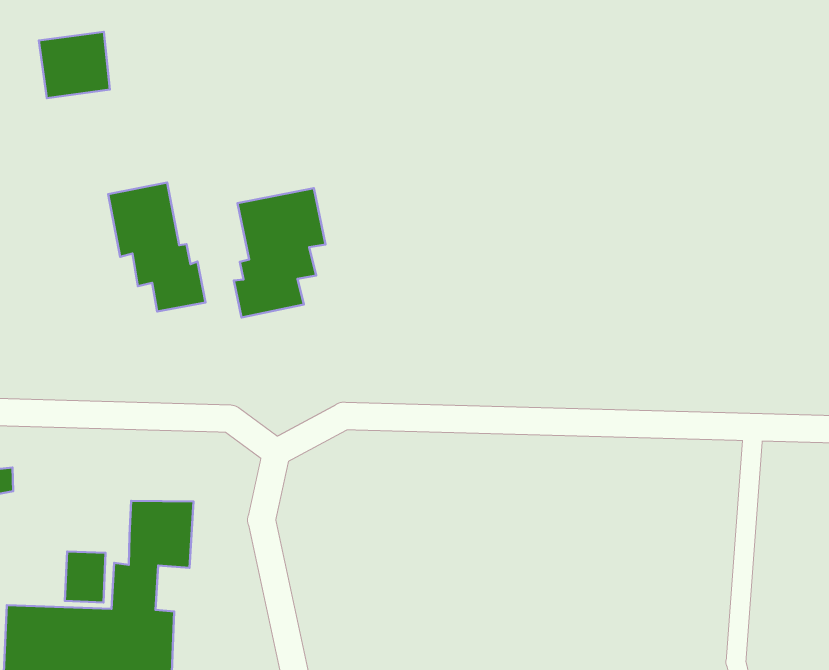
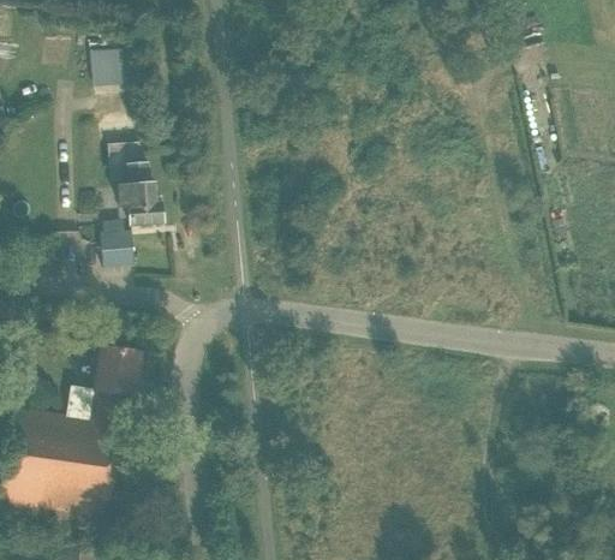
building: [234,188,325,318] -> none
building: none -> [101,230,135,266]

